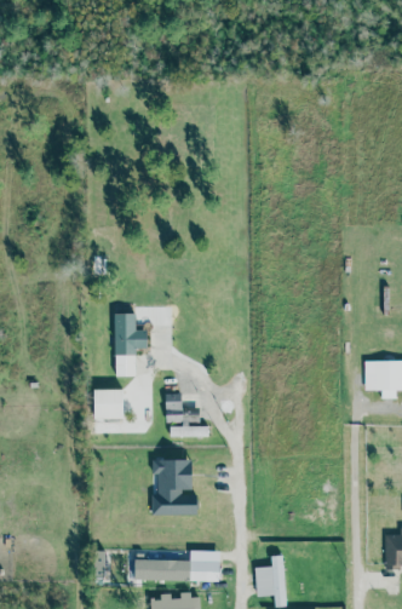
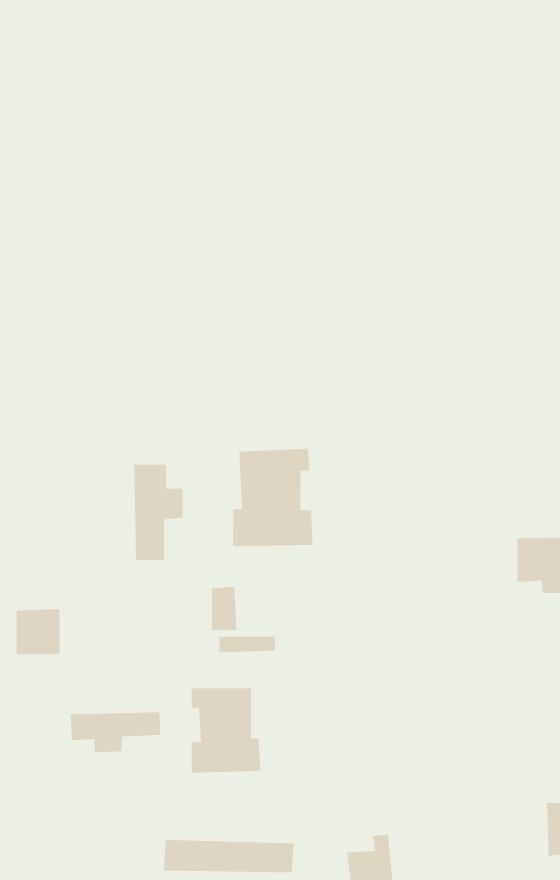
building: none -> [233,448,313,547]
building: [94,387,124,418] -> [16,609,60,655]
building: none -> [70,712,161,753]

